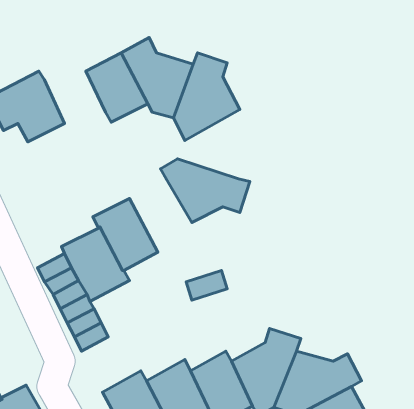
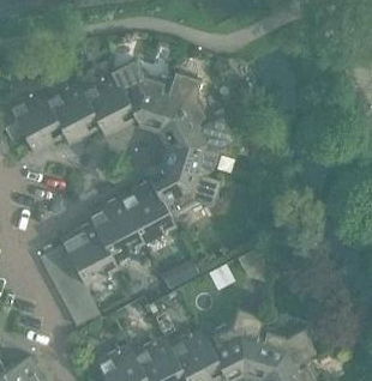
building: none -> [46,81,97,141]
building: none -> [158,120,232,181]
building: none -> [118,181,174,243]

